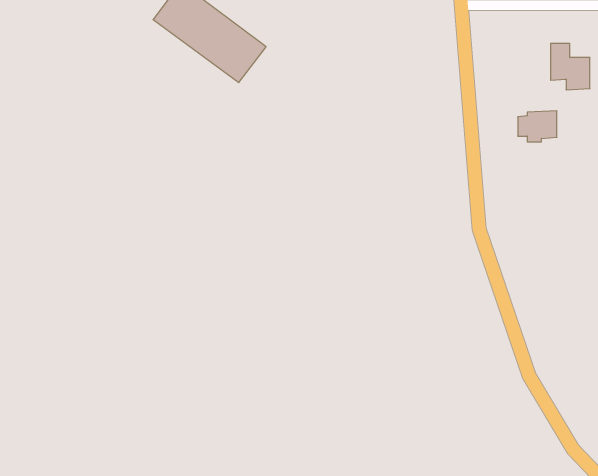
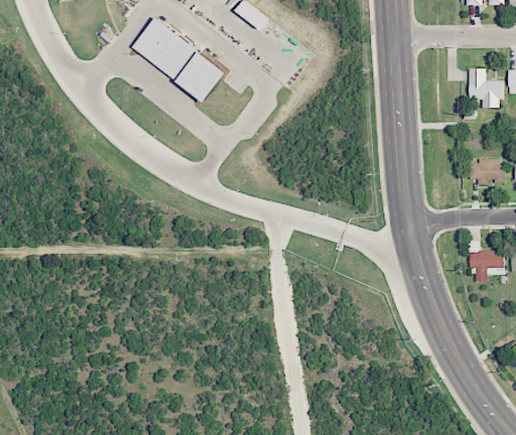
building: [518,111,557,142] -> [469,158,502,184]
building: none -> [469,241,504,281]

